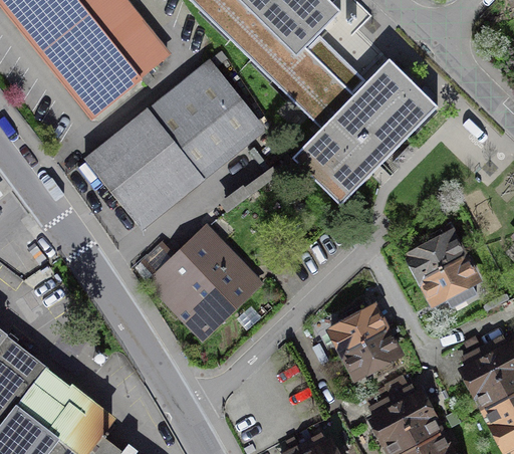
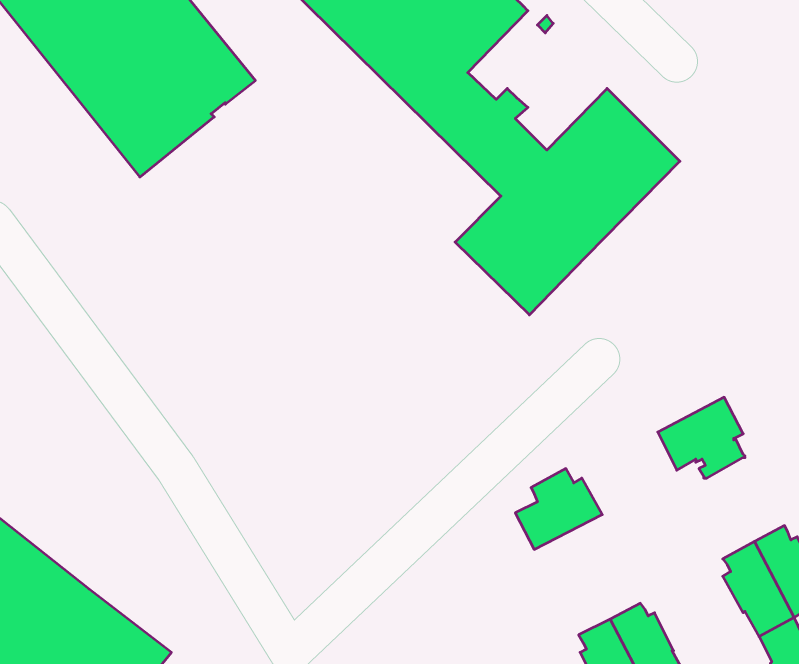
building: [85,64,255,223] -> none
building: [135,228,258,338] -> none
building: [409,228,464,278] -> none
building: [343,330,399,377] -> none

